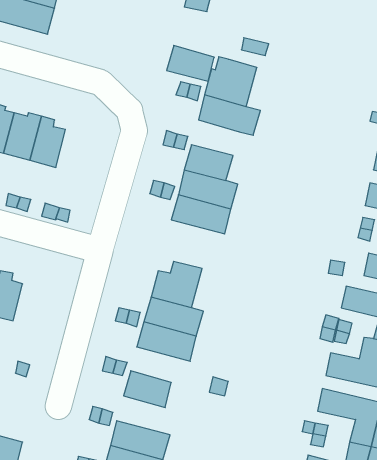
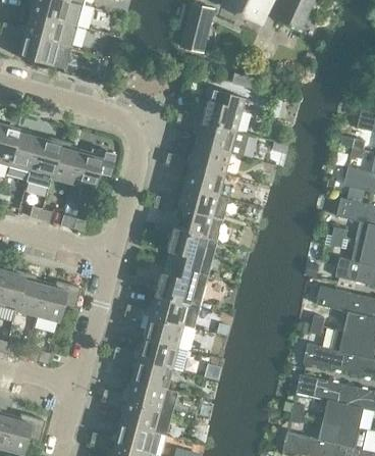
building: [167,45,214,81] -> [189,144,229,174]
building: none -> [72,149,115,190]
building: none -> [165,230,217,274]
building: none -> [36,282,79,322]
building: none -> [137,339,188,371]
building: none -> [124,381,175,414]

